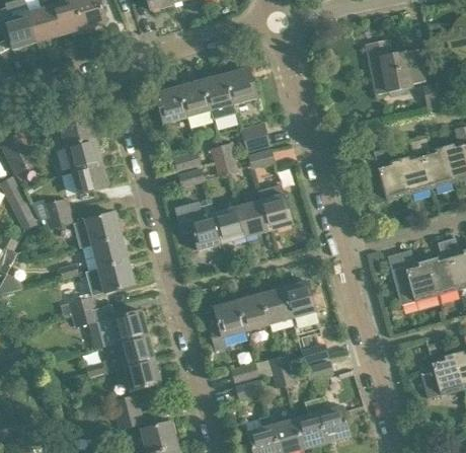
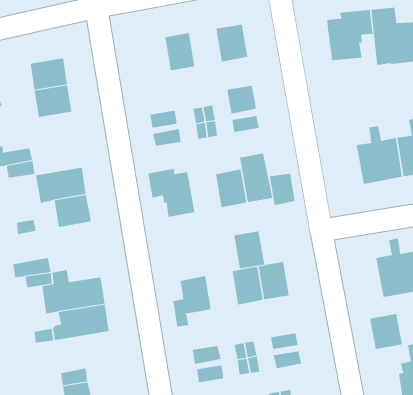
building: none -> [327,9,373,61]
building: [202,74,236,120] -> none
building: [155,86,187,123] -> none
building: [71,162,108,195] -> none
building: none -> [269,173,295,206]
building: [214,207,245,243] -> none
building: [98,260,135,293] -> none
building: [237,294,268,330] -> [233,231,265,269]
building: none -> [369,313,402,350]
building: [125,359,161,391] -> none

